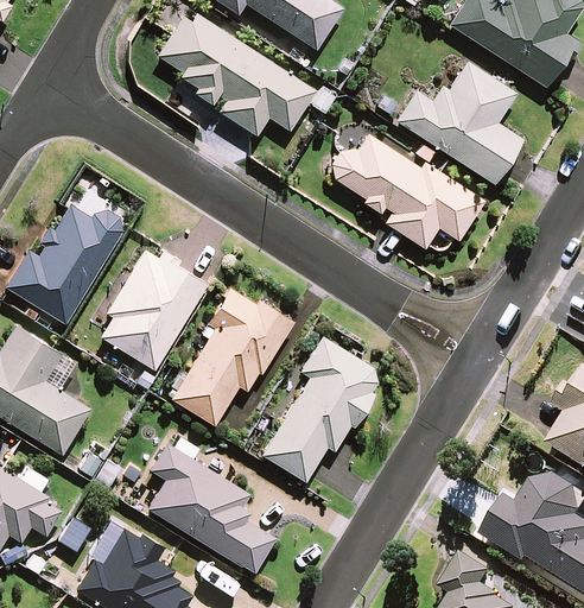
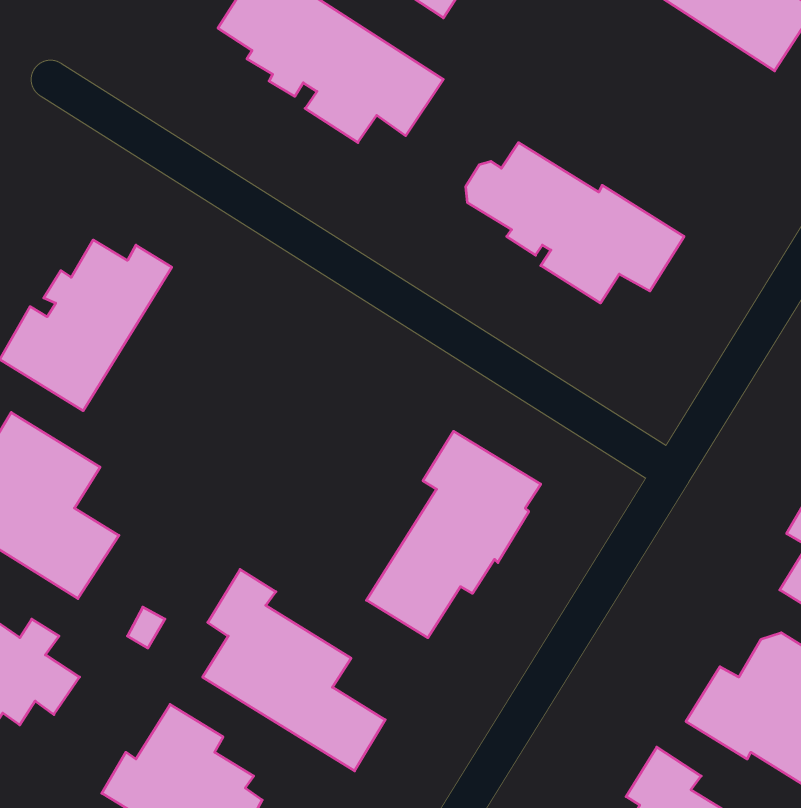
building: [396,63,522,183] -> none
building: [101,251,205,369] -> none
building: [172,286,294,424] -> none

